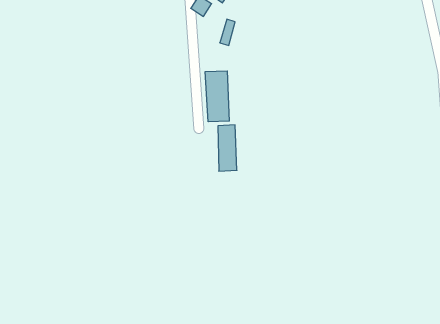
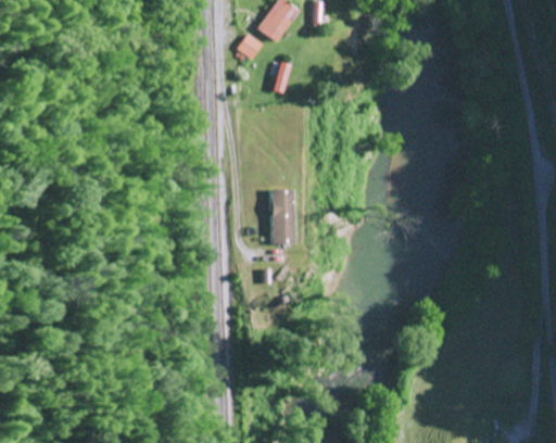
building: [205,71,229,122] -> none

